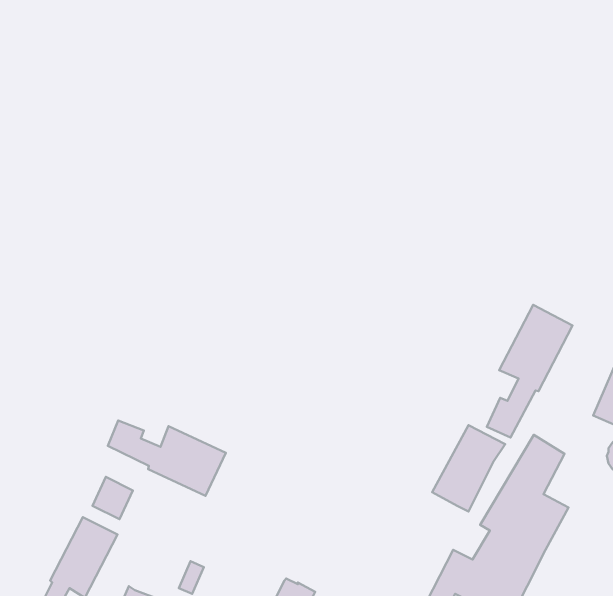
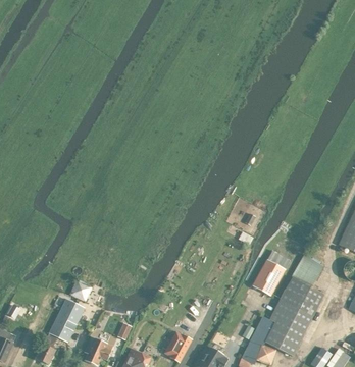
building: [487,305,572,437] -> none
building: [108,420,226,496] -> none

